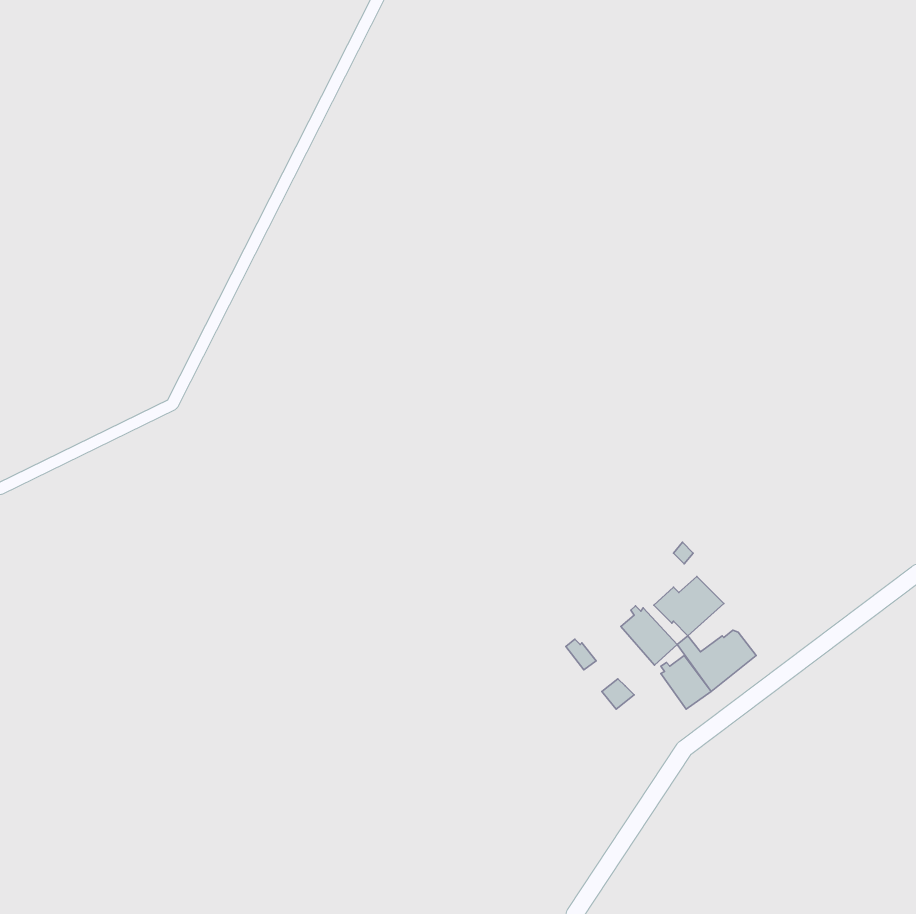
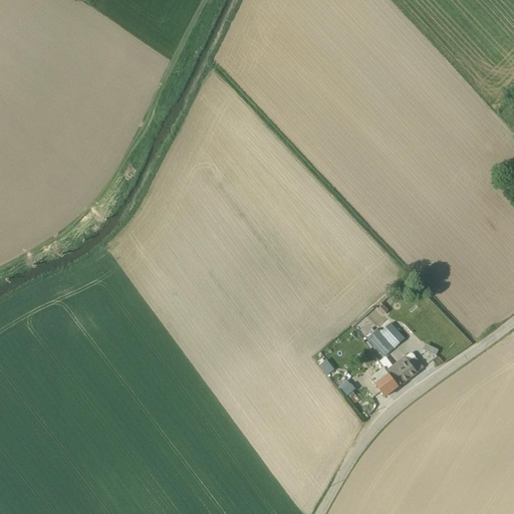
building: [621,606,677,665] -> none

